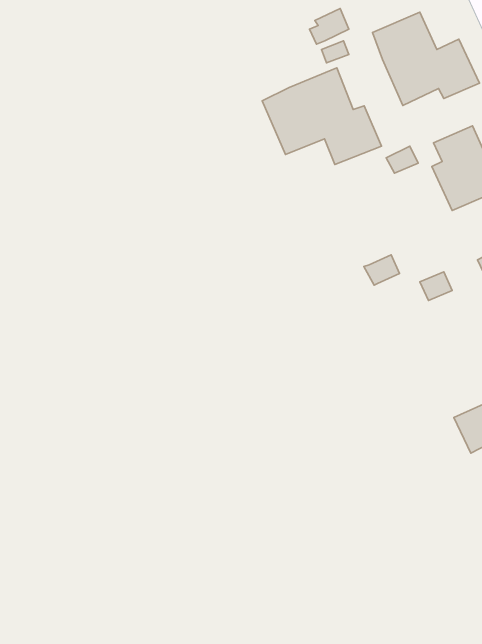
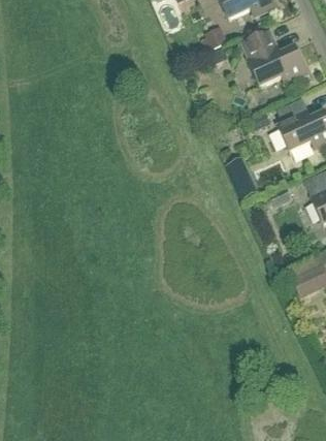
building: [262,68,382,165] -> none

